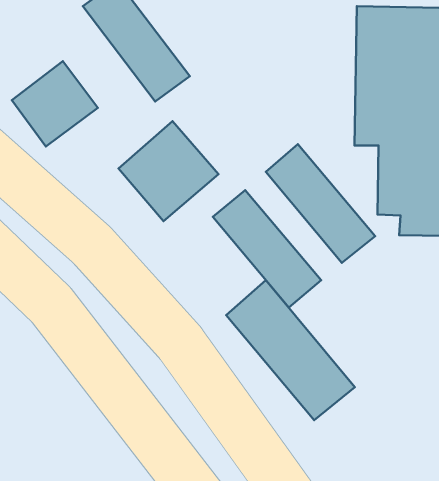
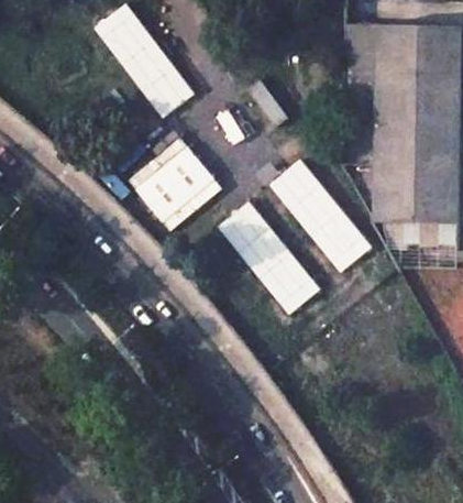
building: [12,61,98,147] -> none
building: [226,280,355,420] -> none

